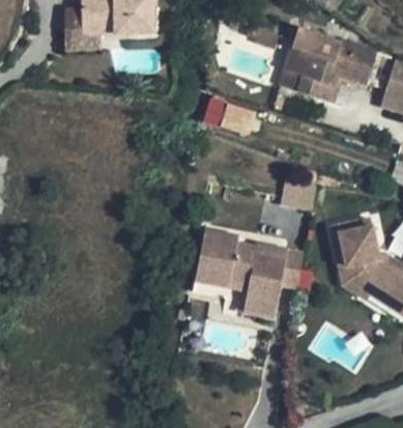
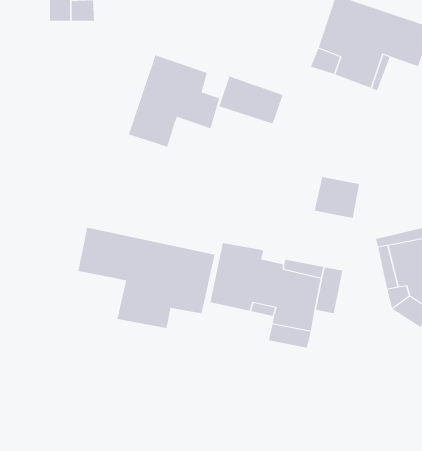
building: none -> [128,54,220,147]
building: none -> [78,227,215,329]

